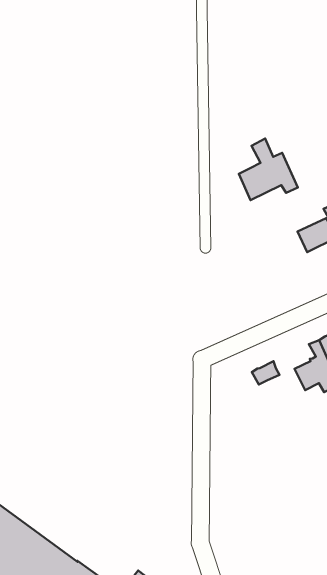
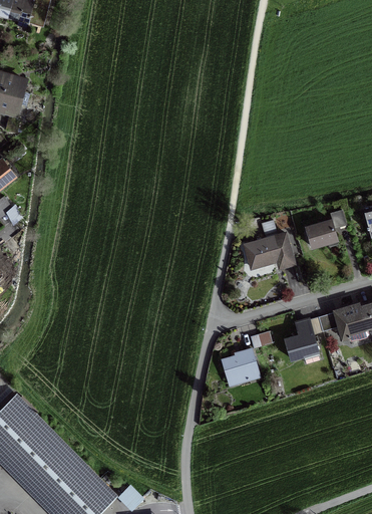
building: [239,139,298,200] -> [247,220,293,268]
building: none -> [223,348,259,386]

